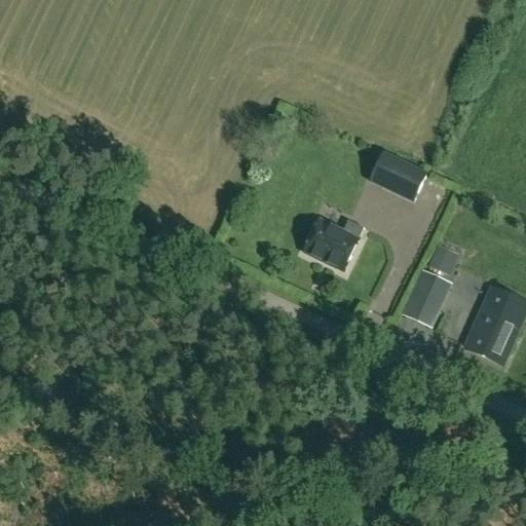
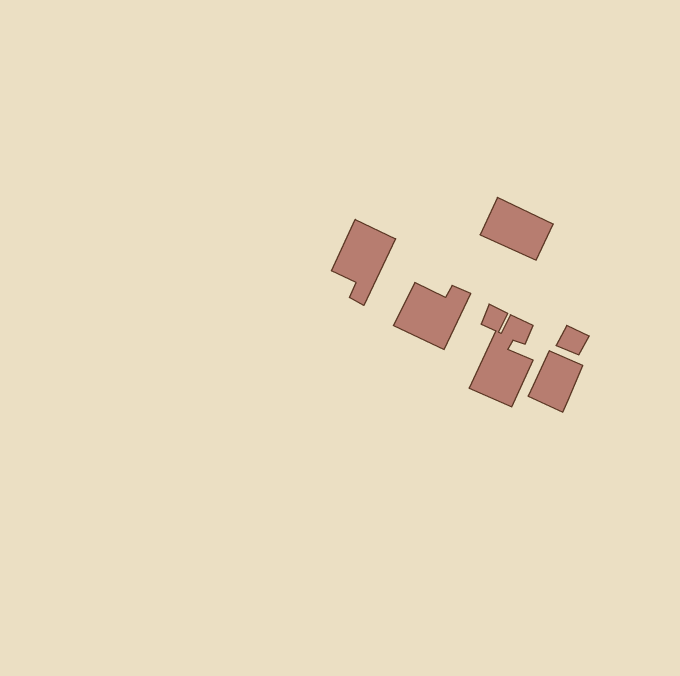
building: none -> [332,219,396,305]
building: [466,283,516,362] -> [469,304,533,407]

